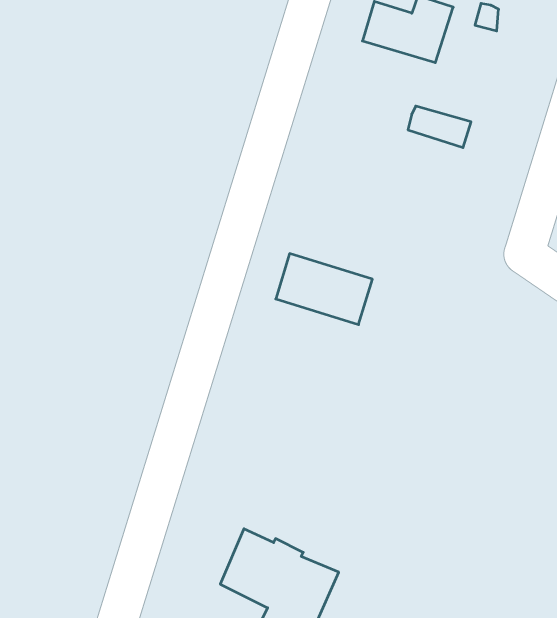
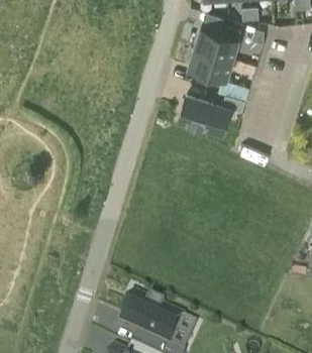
building: none -> [188,50,231,88]
building: [276,254,372,325] -> [179,98,228,134]

